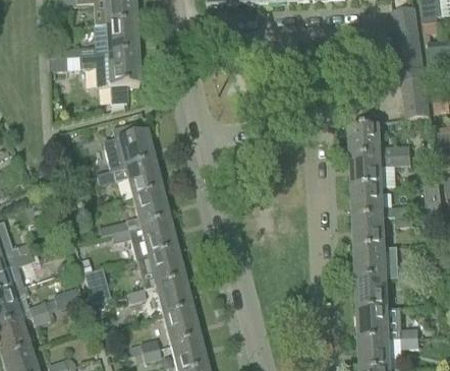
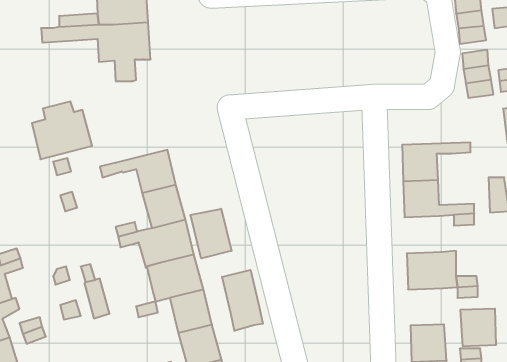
building: [103,123,154,172] -> [32,101,92,159]
building: [350,124,410,157] -> none
building: none -> [190,209,232,258]
building: [354,217,386,248] -> none
building: none -> [222,270,263,331]
building: [357,277,388,309] -> [460,309,496,346]

